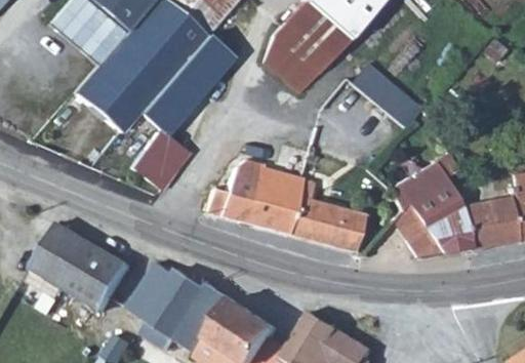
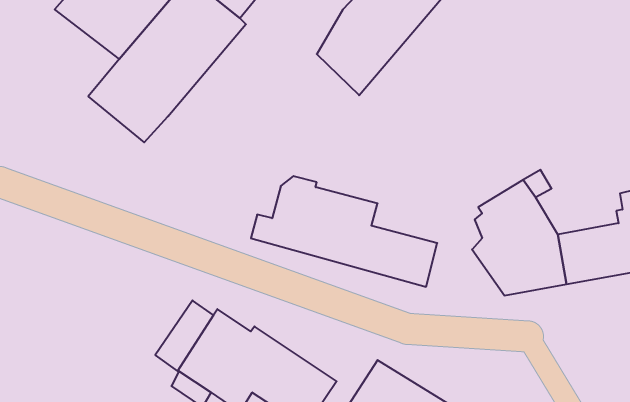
building: [142,35,232,132] -> none
building: [352,62,420,127] -> none
building: [131,133,188,191] -> none
building: [36,224,134,311] -> none

